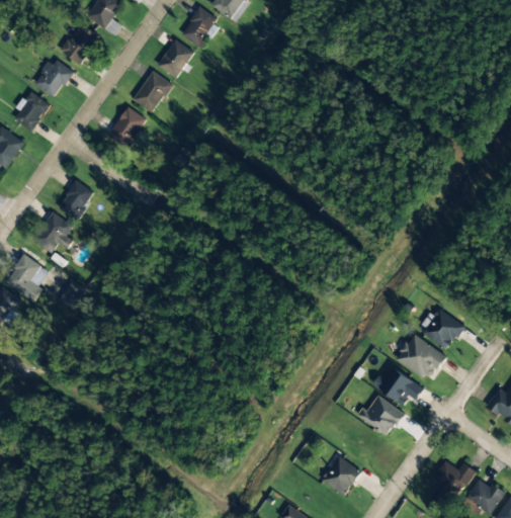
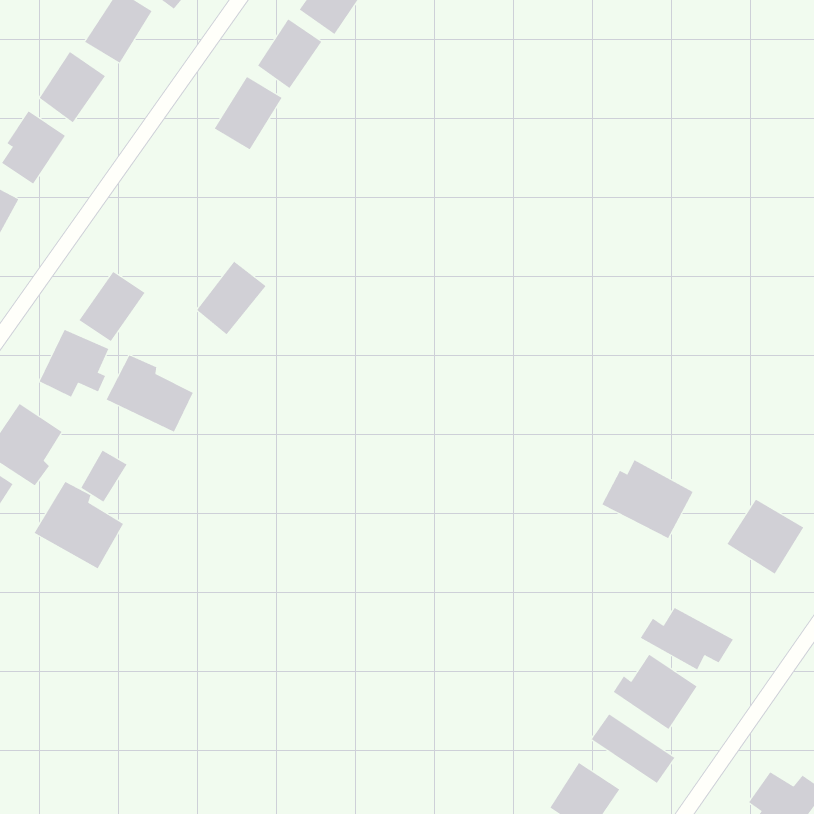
building: [107,106,147,148] -> [196,261,266,335]
building: none -> [106,354,193,432]
building: none -> [34,481,124,569]
building: [394,335,445,379] -> [602,459,694,539]
building: none -> [591,713,675,784]

